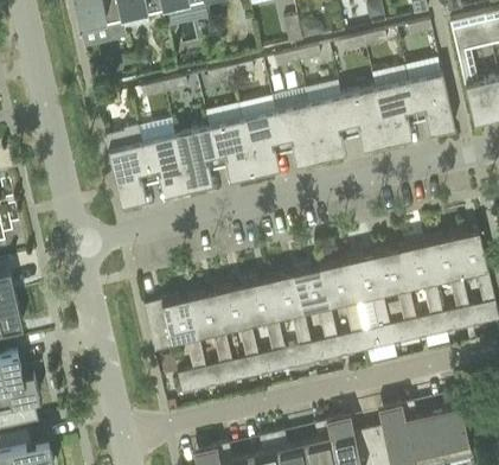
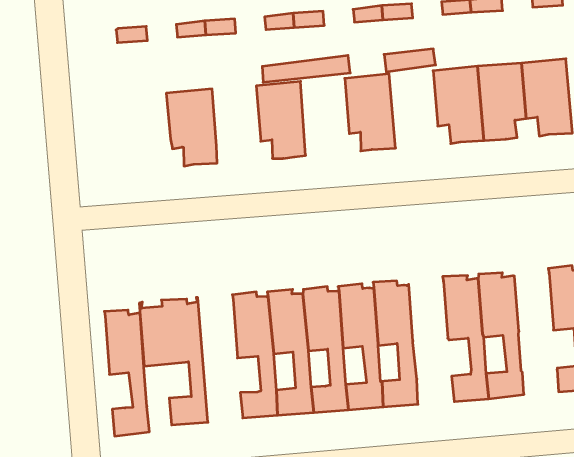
building: [308,96,351,159] -> none
building: [242,112,284,174] -> none
building: [104,126,152,205] -> none
building: [175,127,218,190] -> none
building: [424,235,472,332] -> none
building: [345,254,394,351] -> none
building: [187,291,235,388] -> [104,310,149,436]

